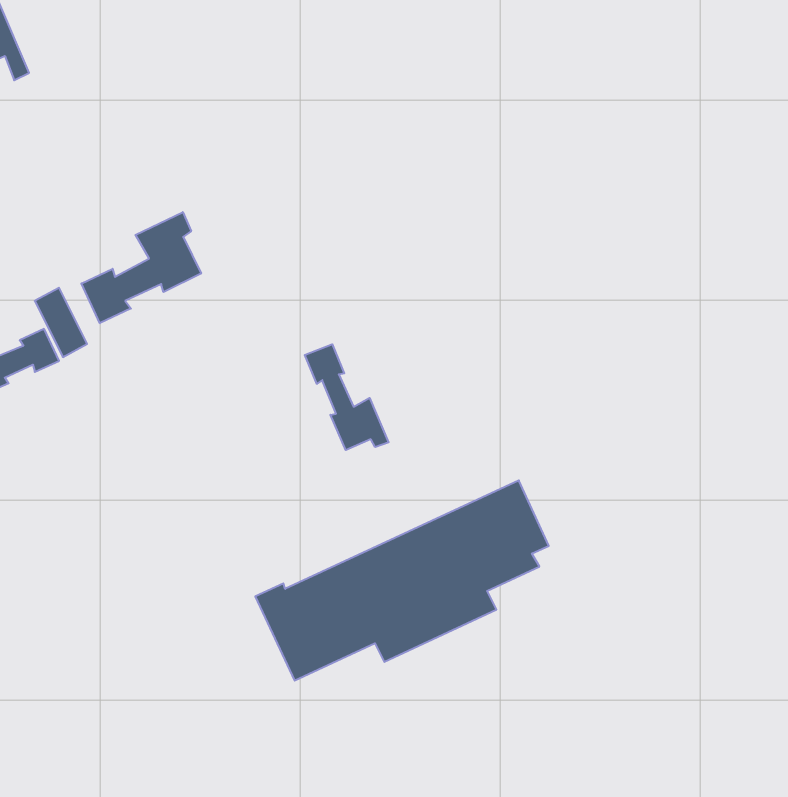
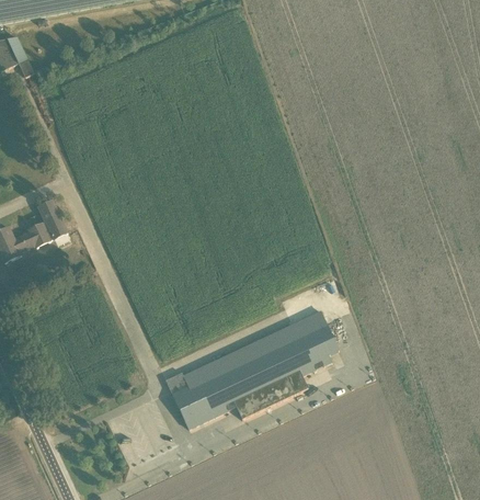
building: [81,212,201,323] -> none
building: [305,344,389,450] -> none

